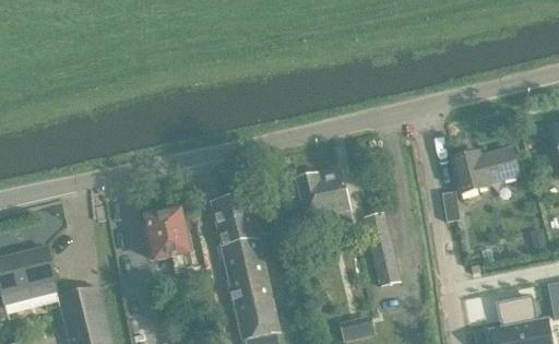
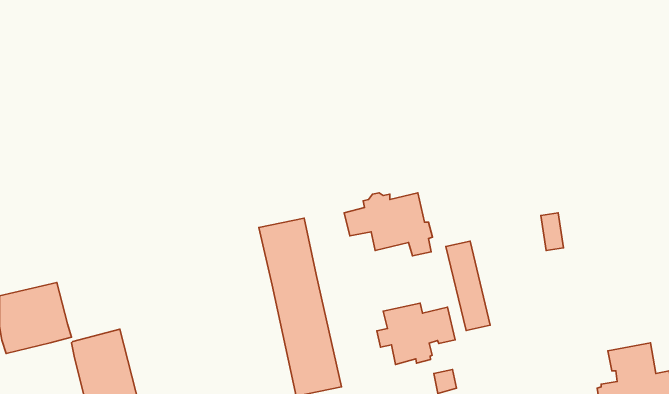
building: [452,147,519,192] -> none
building: [146,209,193,270] -> none
building: none -> [377,303,455,364]

